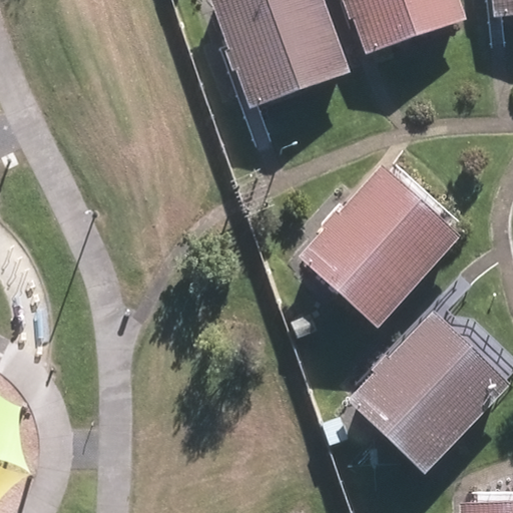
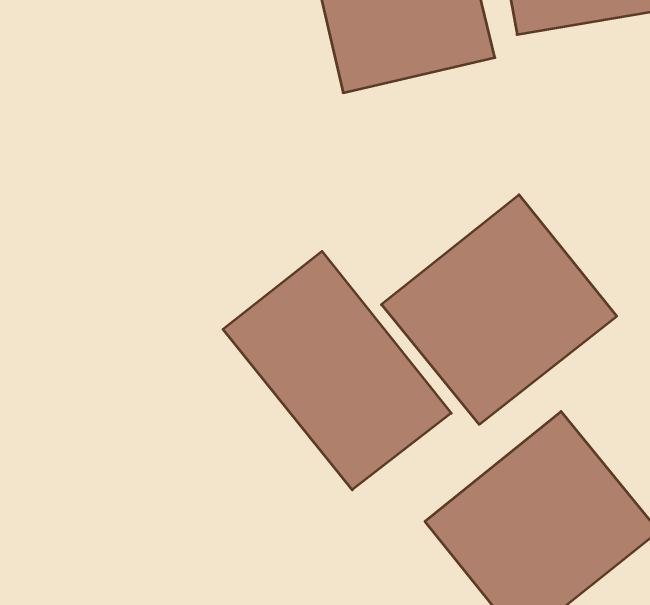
building: none -> [223,251,451,490]

